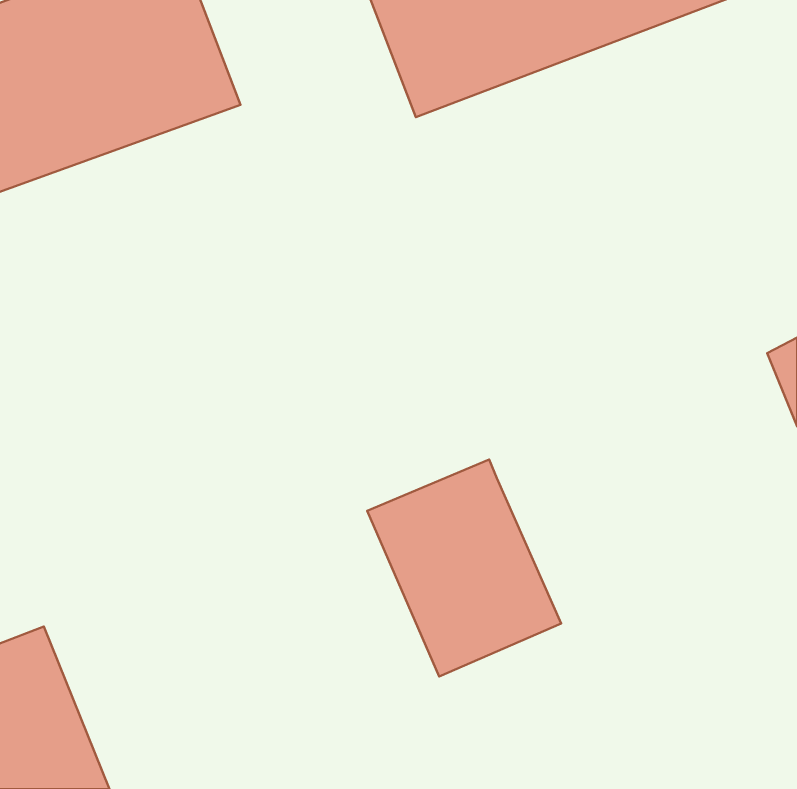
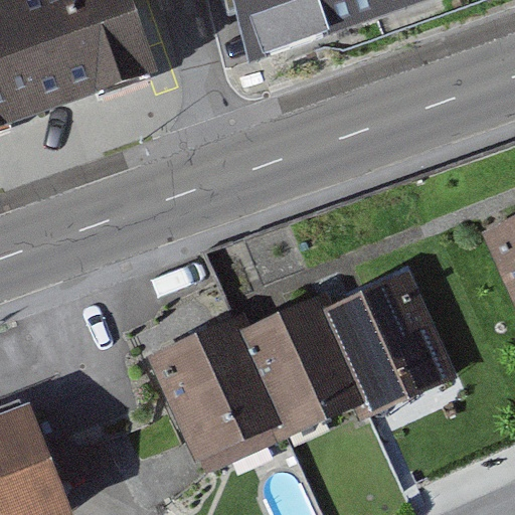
building: none -> [320,270,450,401]
building: none -> [154,319,283,469]

